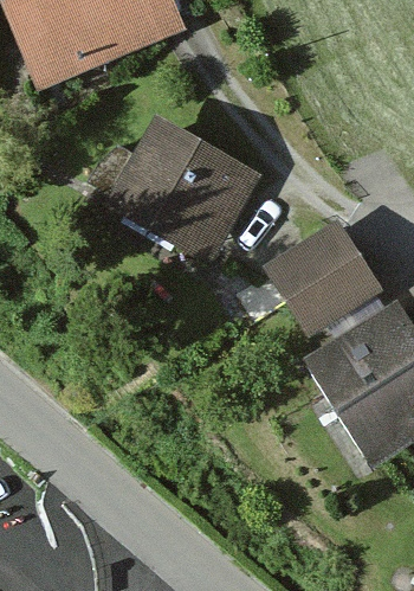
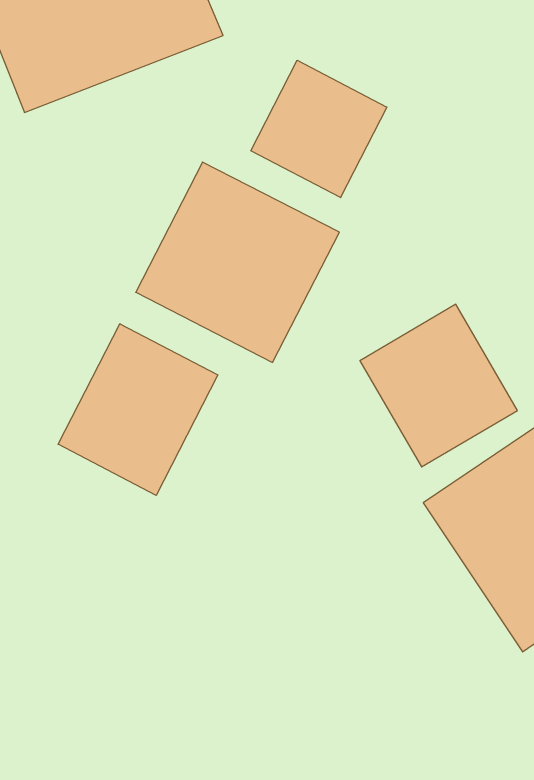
building: none -> [251,60,387,198]
building: none -> [58,324,218,495]

